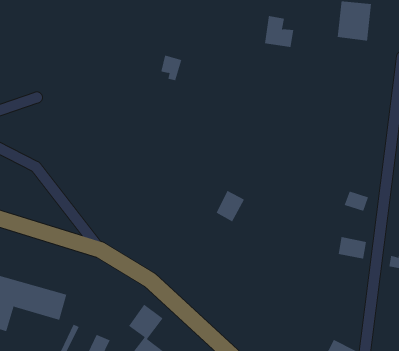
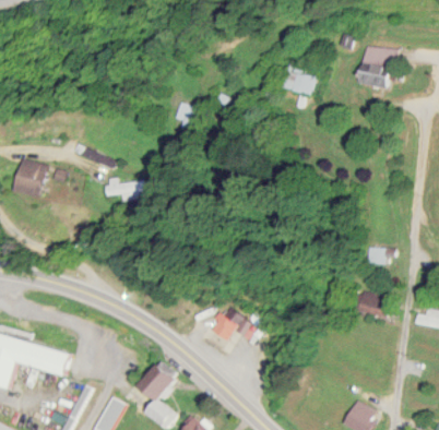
building: none -> [15,158,49,195]
building: none -> [105,178,143,194]
building: [216,190,245,222] -> [210,306,240,339]

